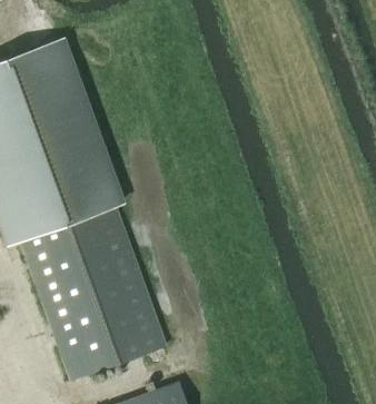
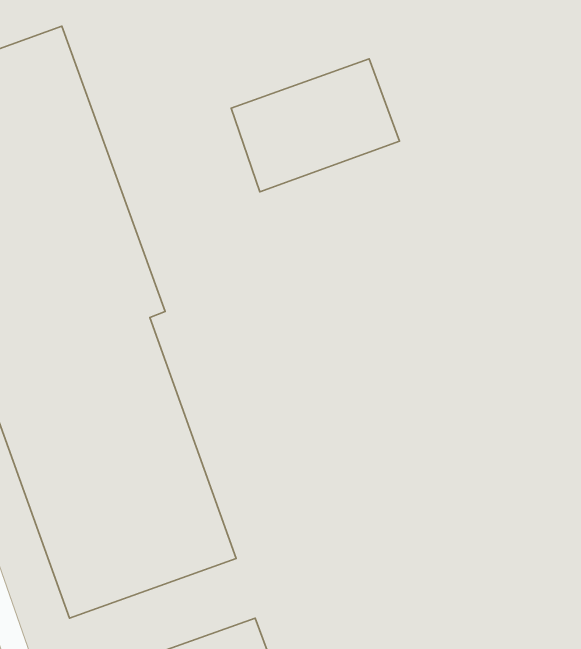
building: none -> [231,59,400,192]

